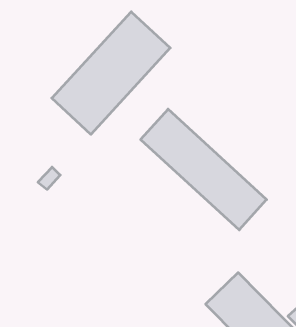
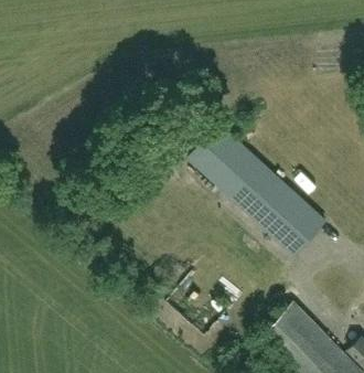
building: [52,12,170,134] -> none

